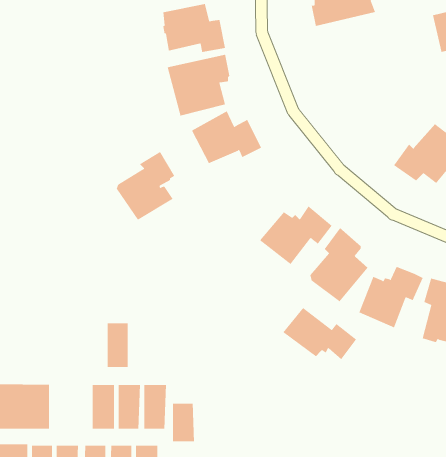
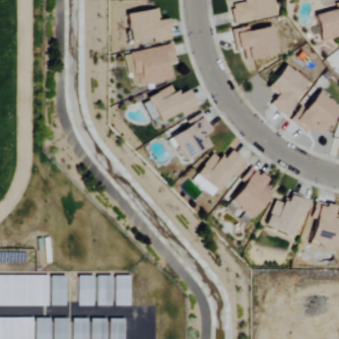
building: none -> [233,25,279,60]
building: none -> [268,63,309,117]
building: [116,151,175,220] -> [172,112,213,160]
building: [282,307,357,360] -> none
building: [107,323,129,367] -> [52,275,67,307]
building: [173,403,195,442] -> none

